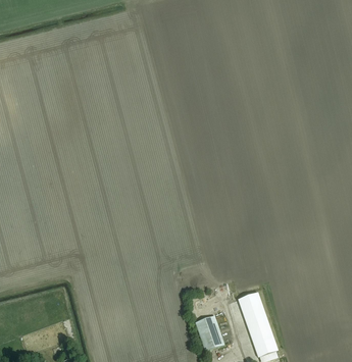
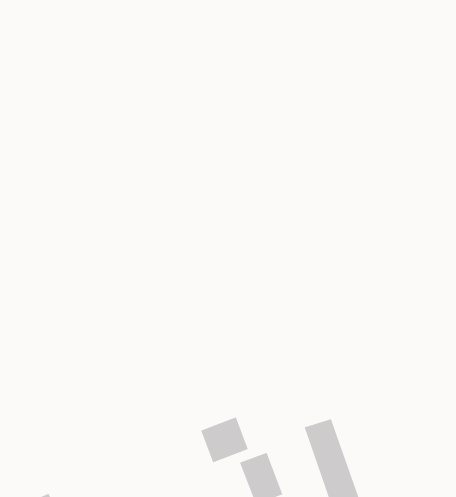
building: none -> [200,416,249,463]

